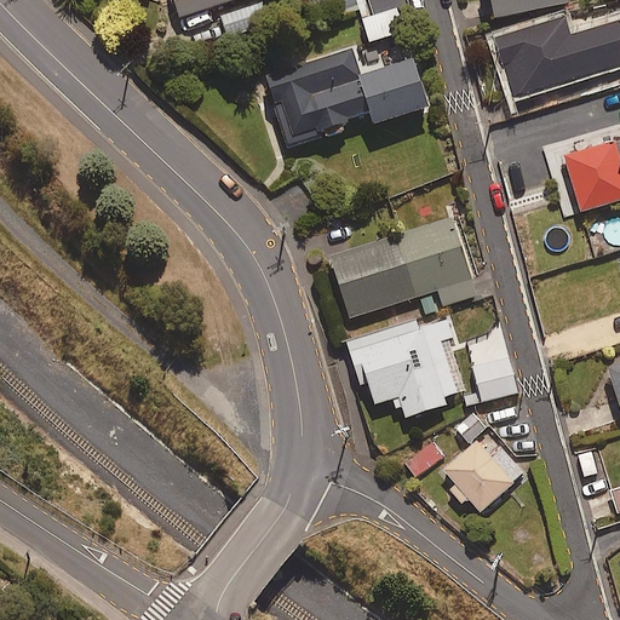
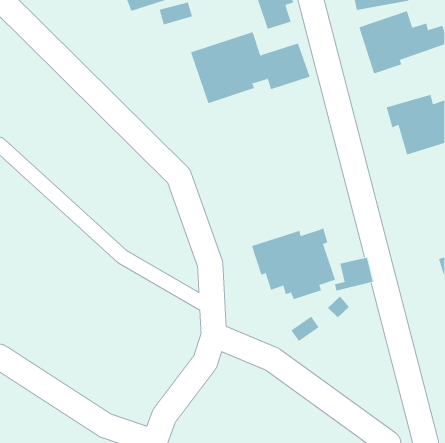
building: [331,217,477,316] -> none
building: [440,437,524,511] -> none

